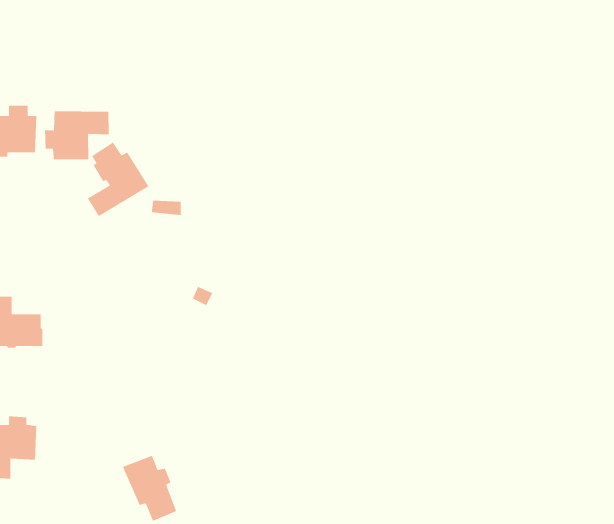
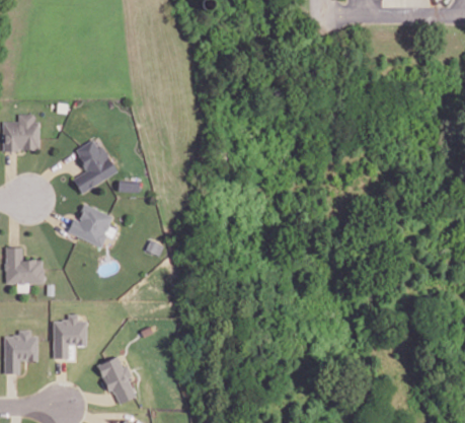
building: [44,110,110,160] -> none
building: none -> [69,204,111,245]
building: none -> [54,315,87,360]

